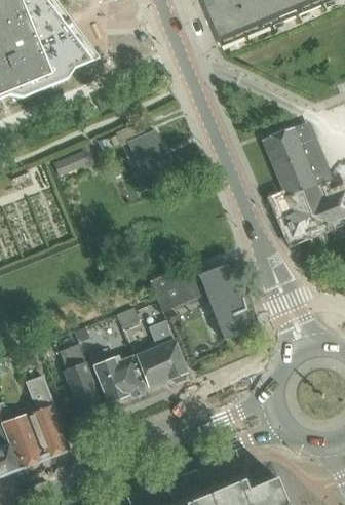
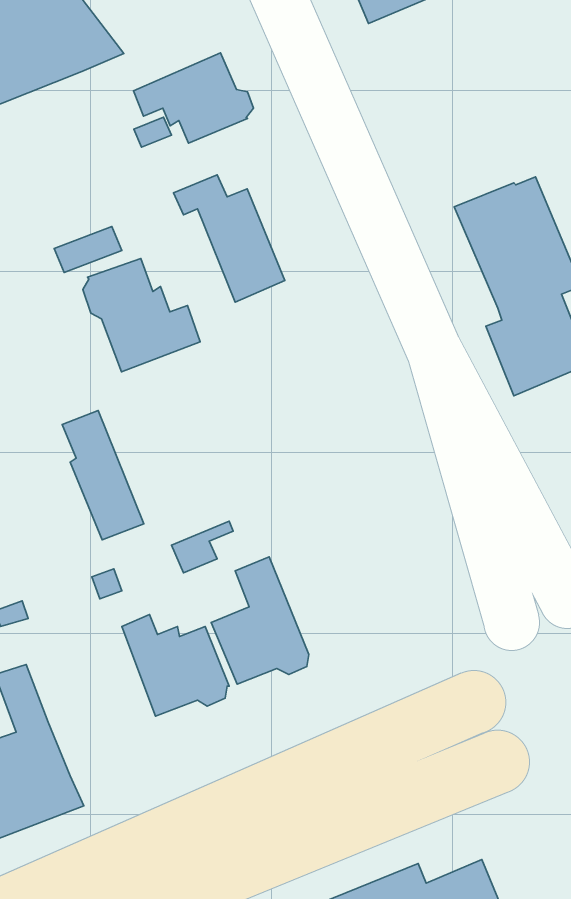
building: none -> [134,53,253,143]
building: none -> [83,259,200,372]
building: [150,264,252,340] -> none
building: [61,346,103,413] -> [62,411,144,540]

